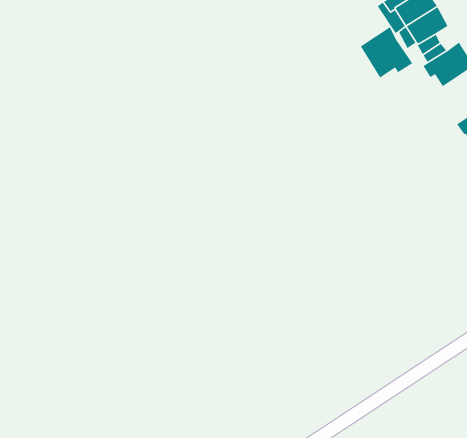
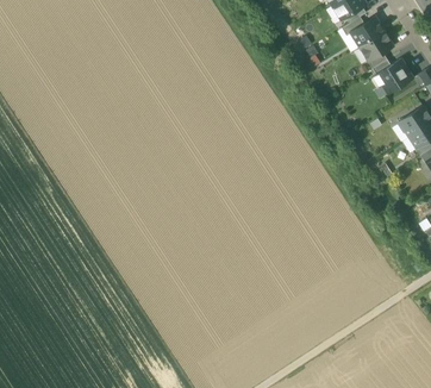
building: [360,26,413,79] -> none

